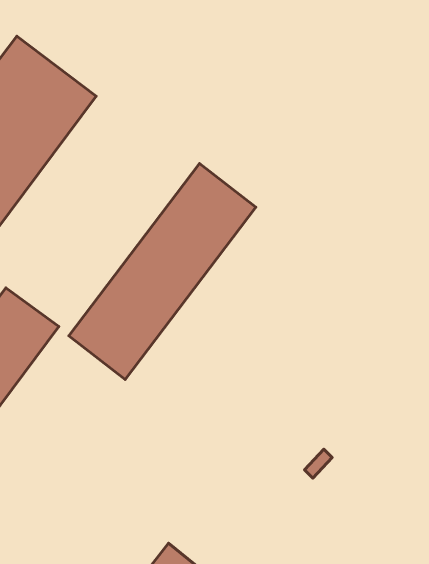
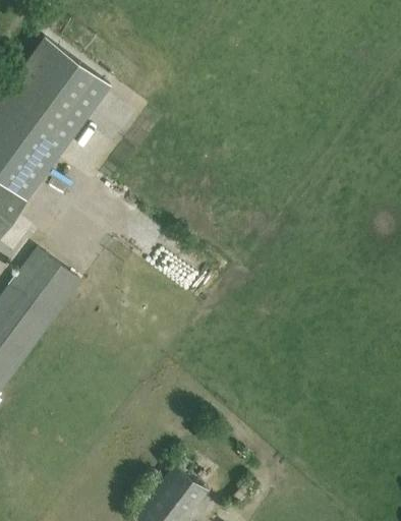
building: [69,164,256,380] -> none

